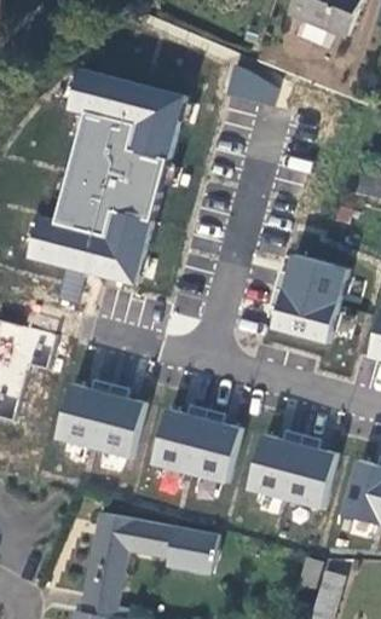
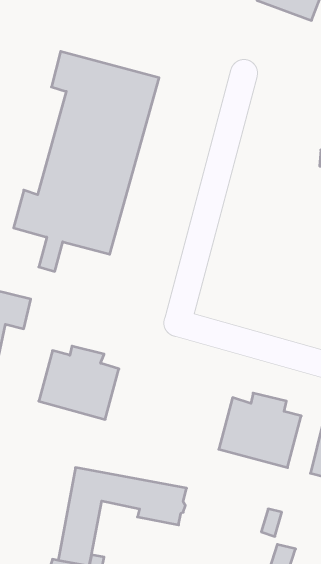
building: [269,256,346,343] -> none
building: [152,405,239,484] -> none

